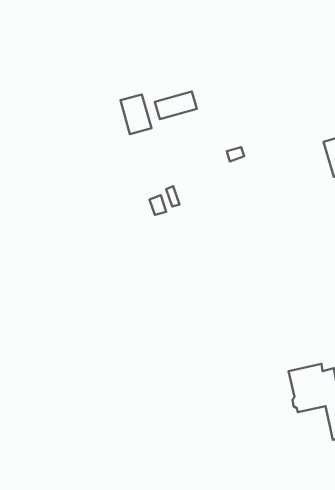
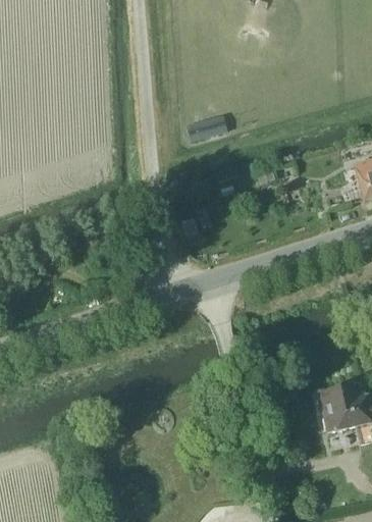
building: [120,95,151,134] -> none

